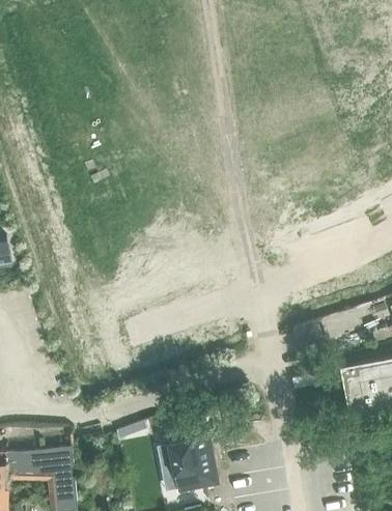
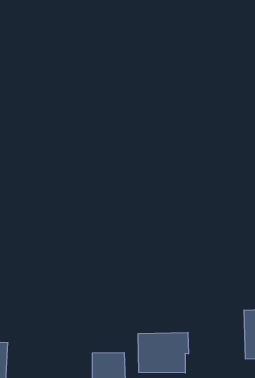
building: none -> [138,332,188,373]

